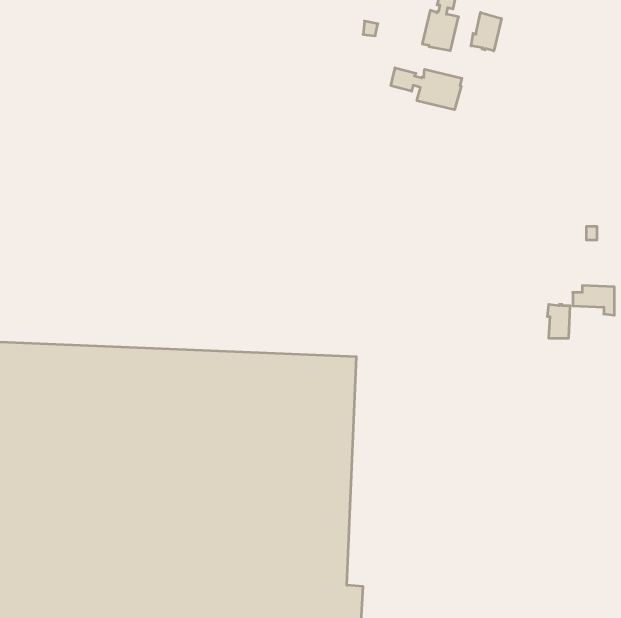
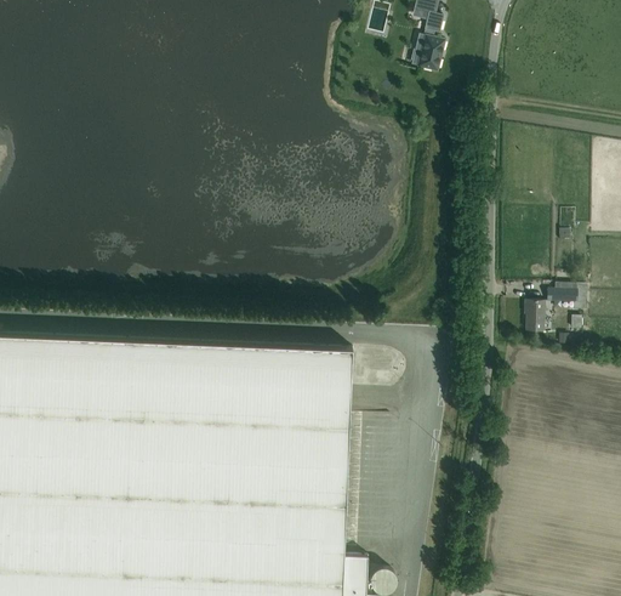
building: [471,12,501,51] -> none
building: [391,68,462,110] -> none

